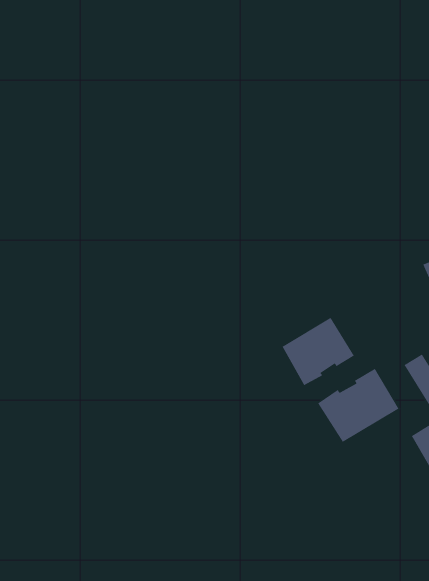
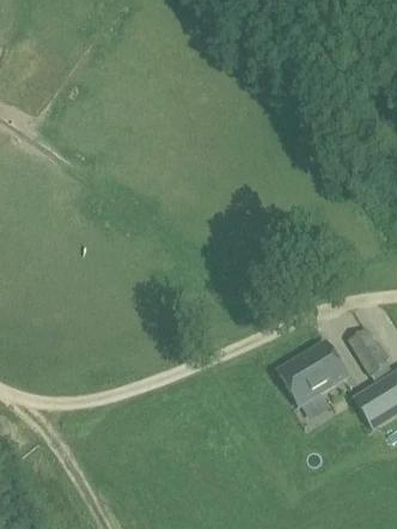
building: [281,317,355,386] -> none

